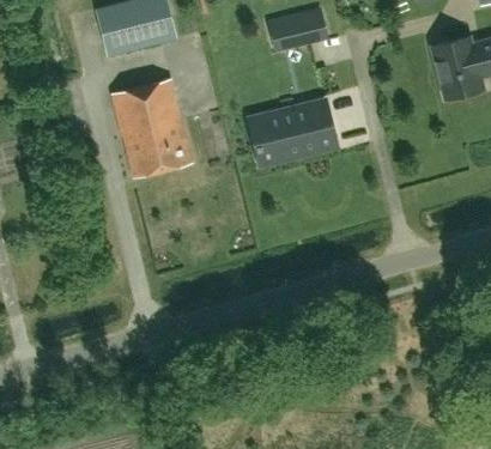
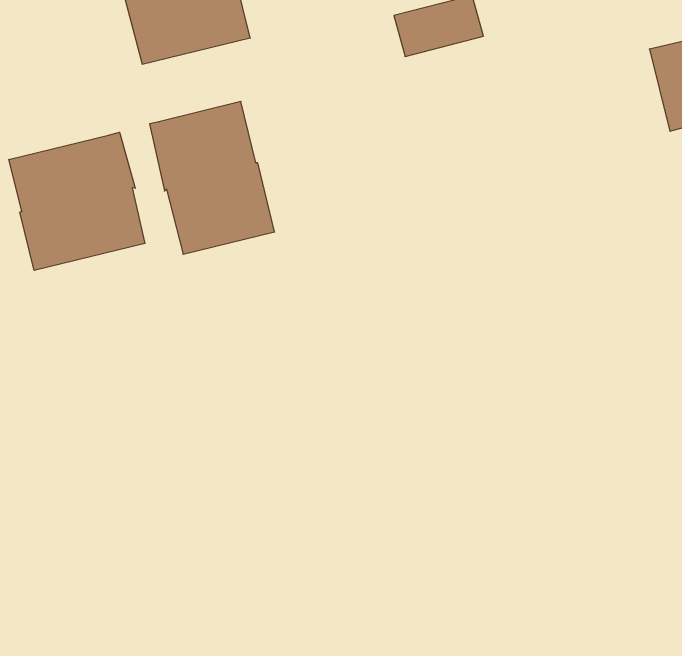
building: none -> [9,132,145,270]
building: [250,101,335,164] -> none

